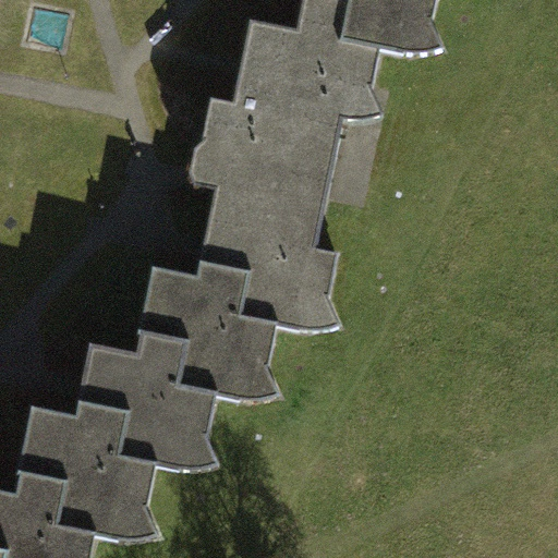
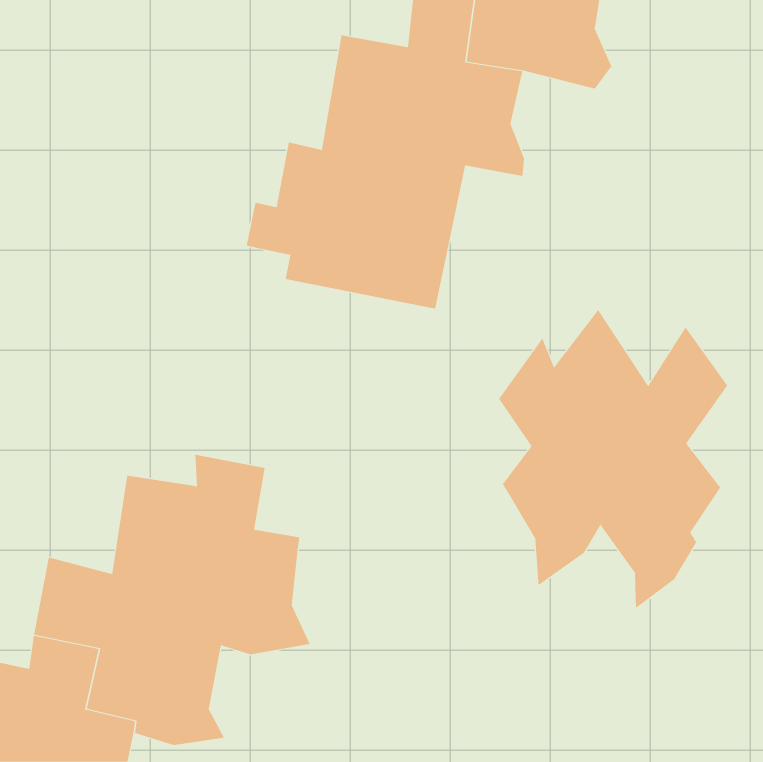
building: [141,202,335,401] -> none
building: none -> [499,309,728,609]

